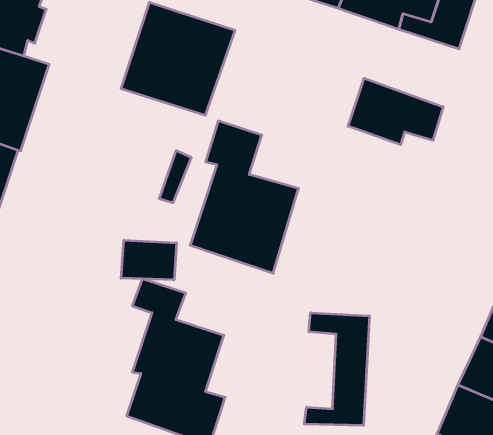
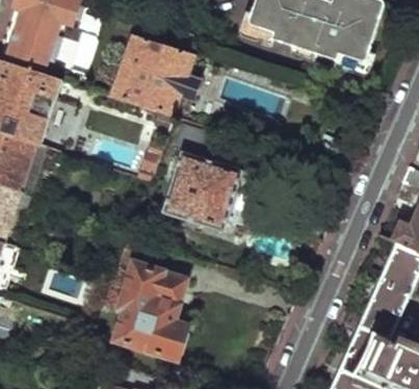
building: [348,78,443,145] -> none
building: [121,240,176,280] -> none
building: [304,313,369,425] -> none

